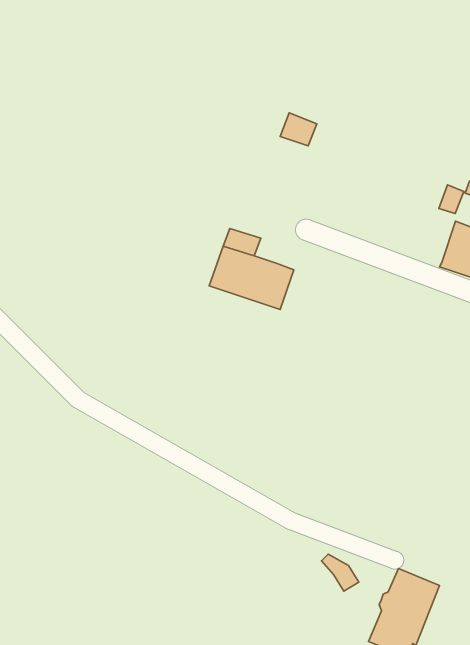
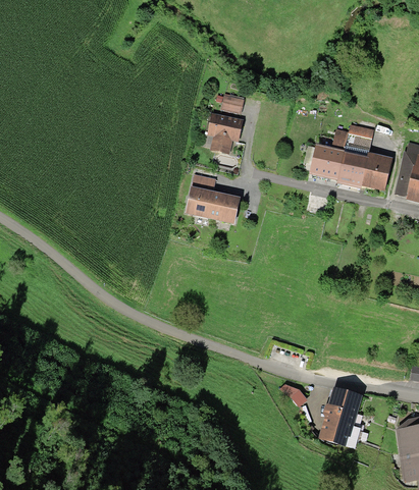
building: none -> [208,112,244,154]
building: none -> [309,145,345,180]

